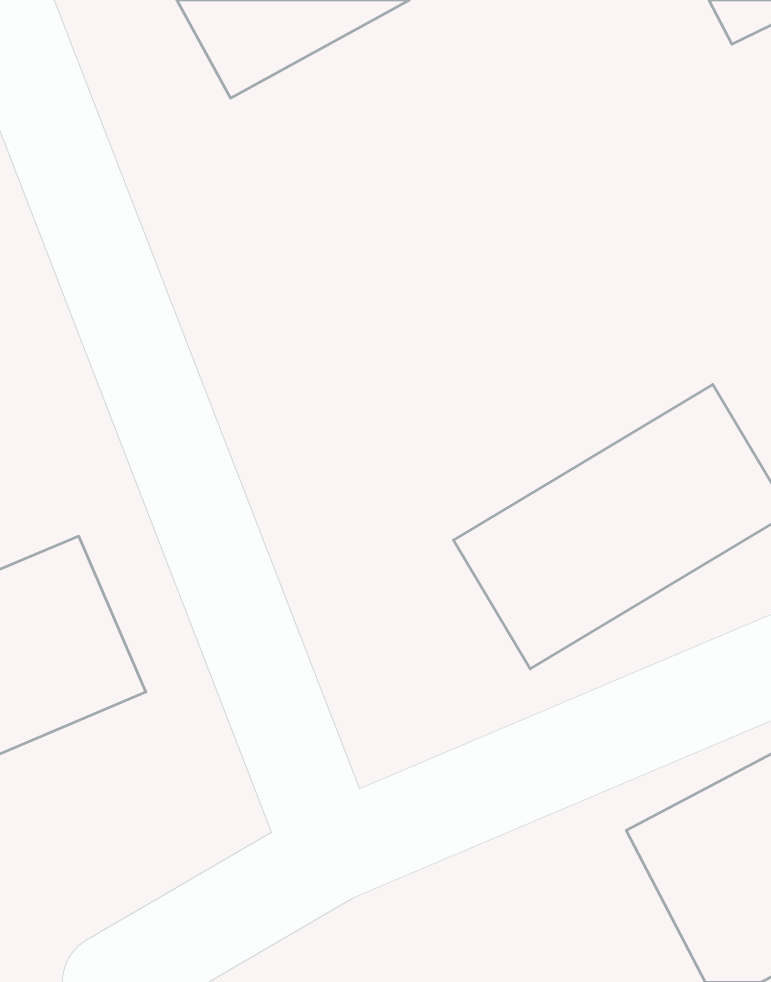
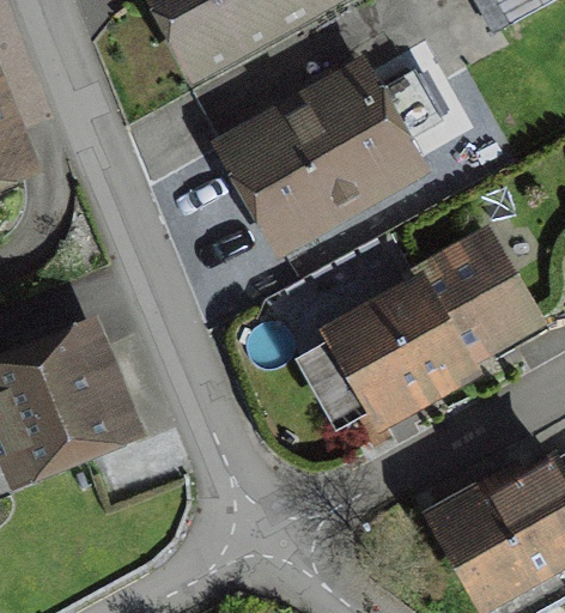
building: none -> [232,45,472,238]

